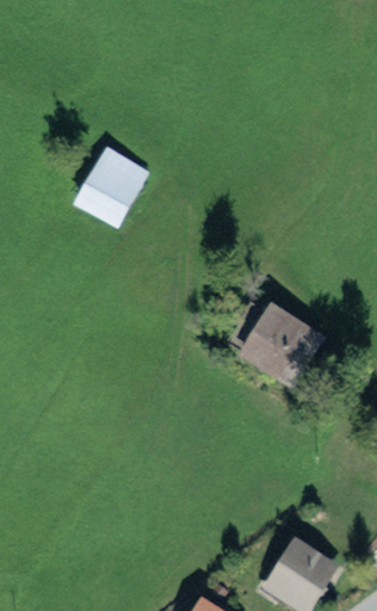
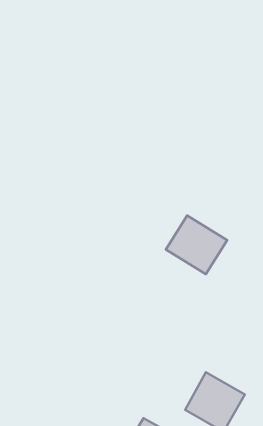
building: [73,148,149,230] -> none

